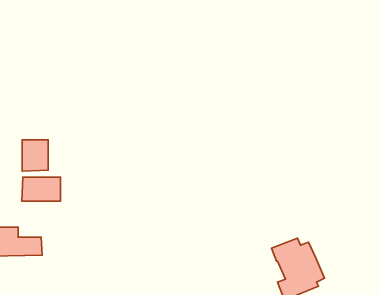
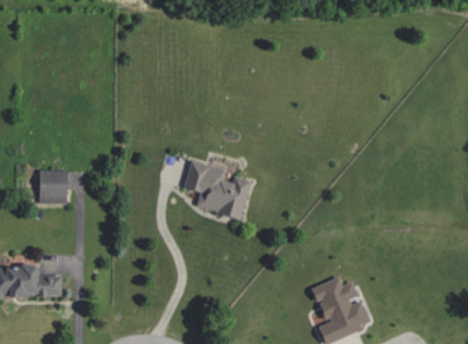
building: none -> [184,161,250,220]
building: [22,177,61,201] -> none

